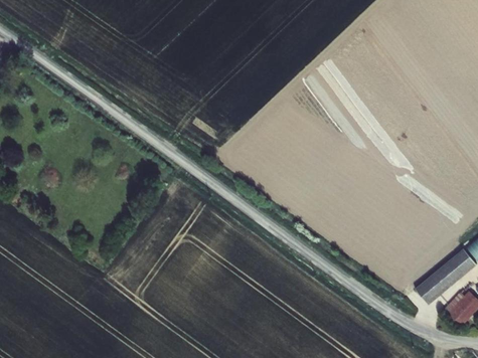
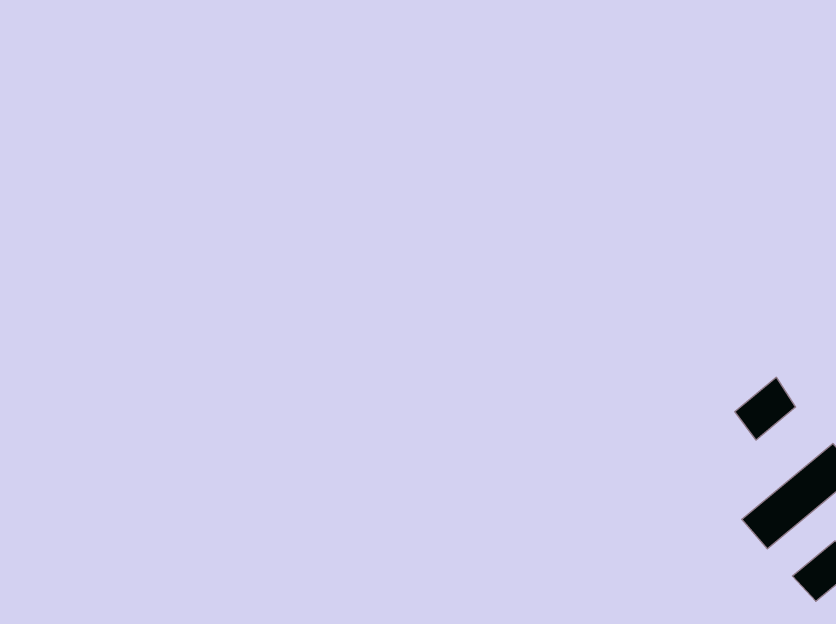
building: none -> [735,377,796,440]

